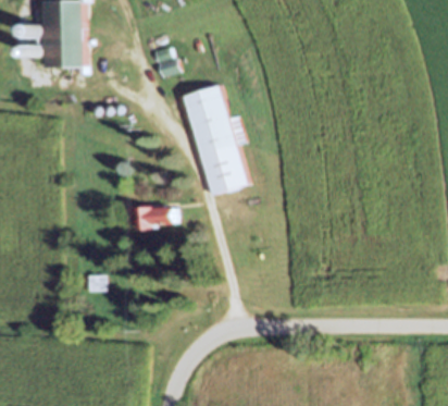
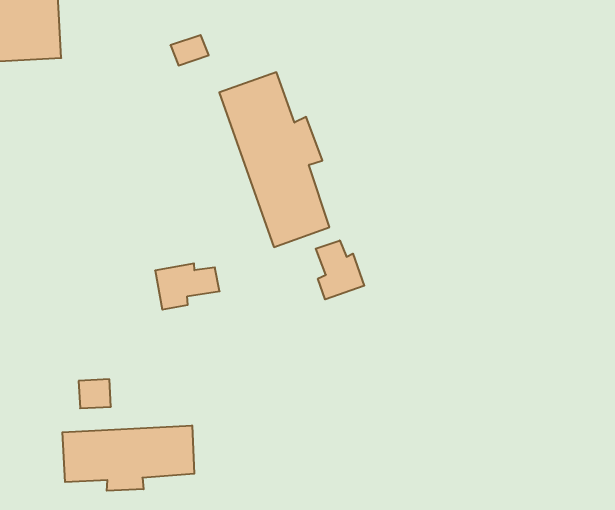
building: none -> [316,240,364,299]
building: none -> [62,425,194,491]

